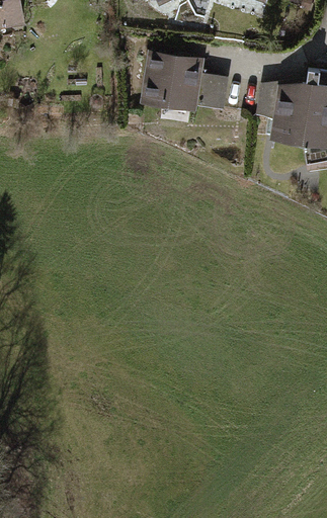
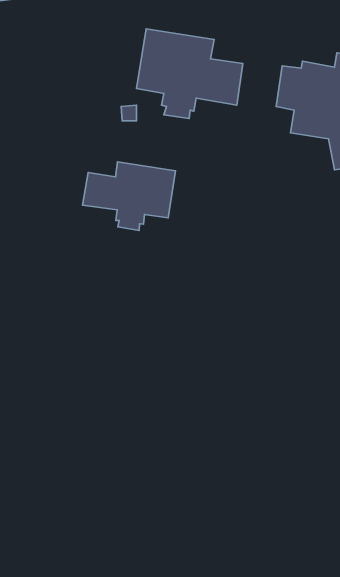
building: none -> [82,162,175,231]

